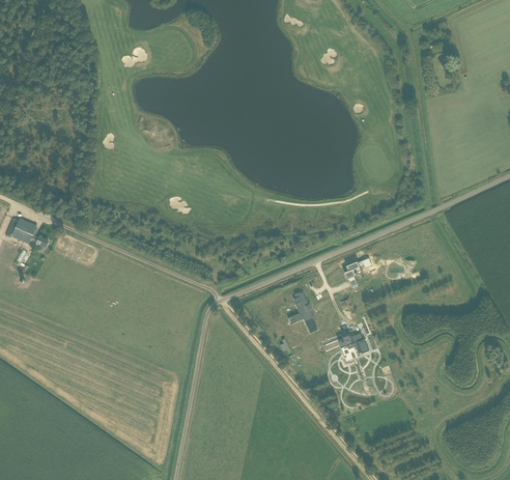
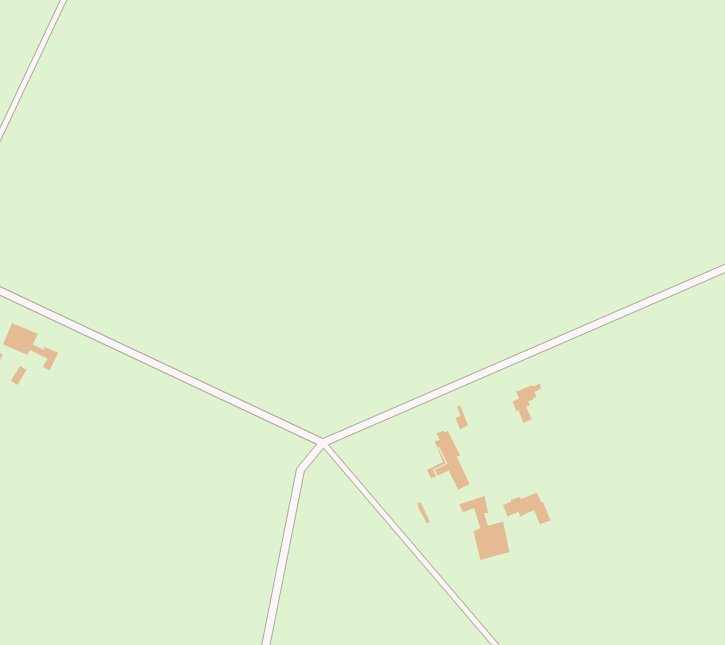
building: none -> [459,495,510,561]

